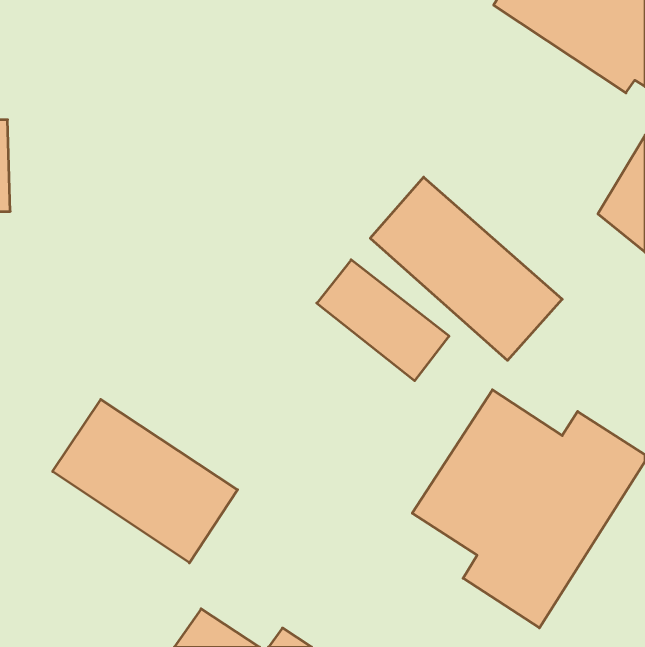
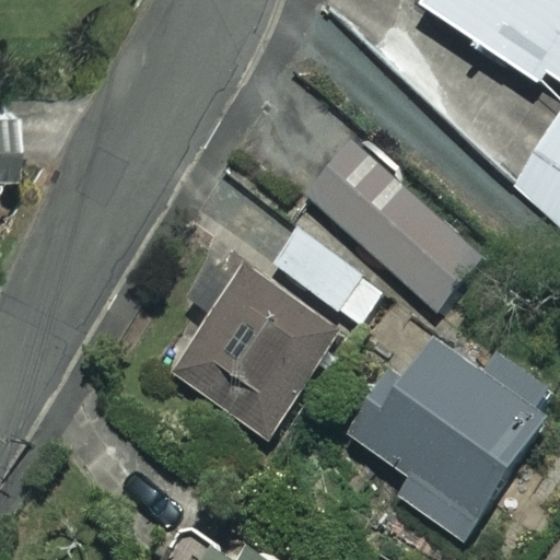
building: none -> [174,270,338,438]
building: [53,399,238,563] -> none

